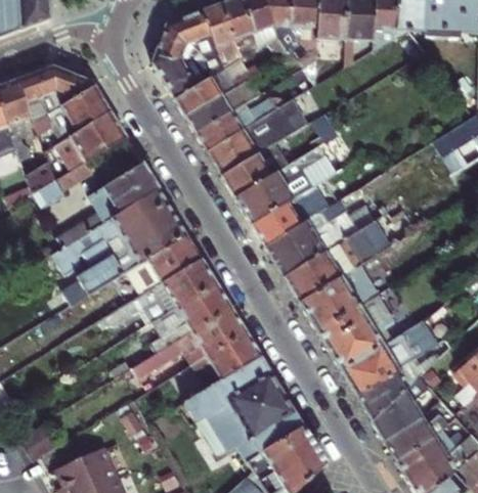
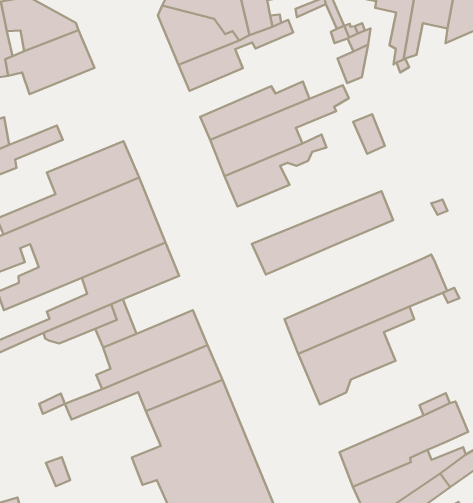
building: [186,71,265,135] -> none
building: [56,110,126,170] -> none
building: [236,146,329,225] -> none
building: [266,199,385,278] -> none
building: [161,258,215,307] -> none
building: [322,297,399,372] -> none

